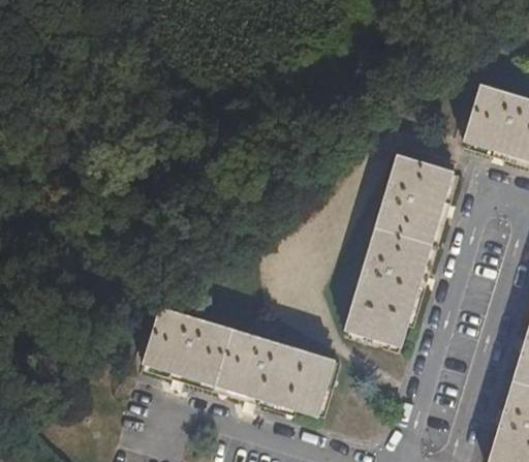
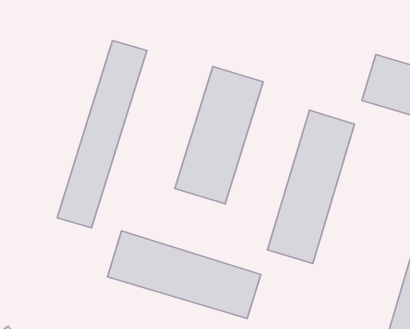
building: none -> [57,40,147,228]
building: none -> [175,66,263,204]

